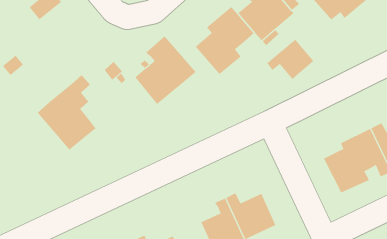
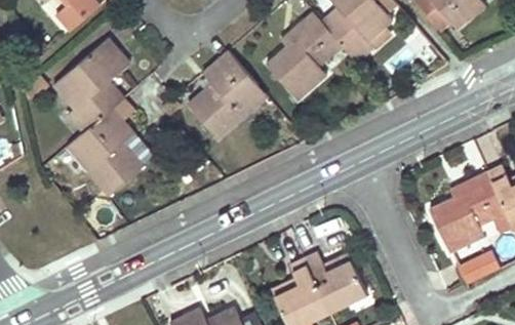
building: none -> [51,39,127,134]
building: [267,39,314,80] -> none
building: none -> [458,248,502,283]

